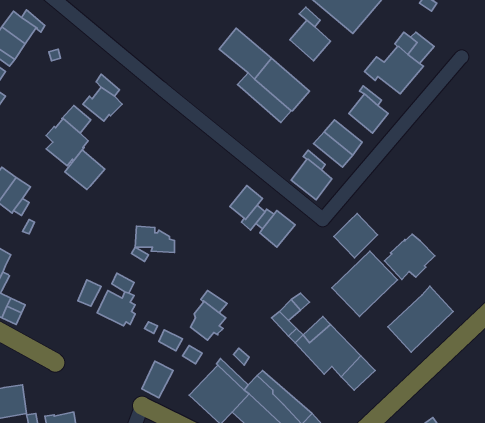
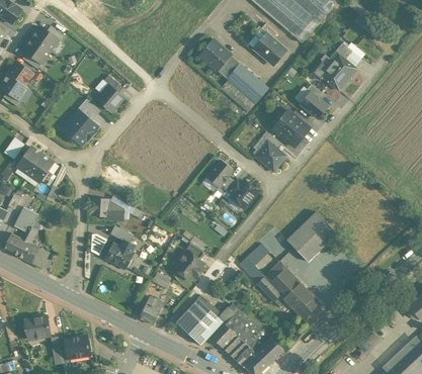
building: [65,150,105,189] -> none
building: [334,214,378,258] -> none
building: [135,226,175,252] -> [93,199,123,219]
building: [384,234,435,279] -> none
building: [388,286,453,352] -> none

